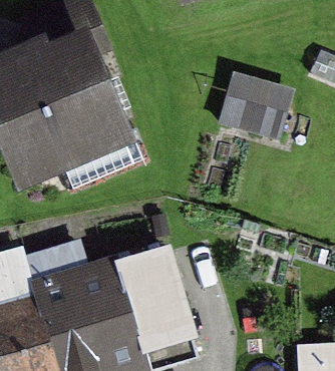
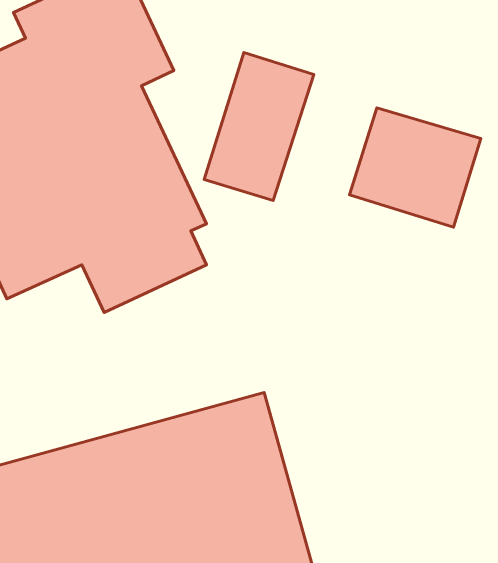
building: none -> [204,52,314,201]

